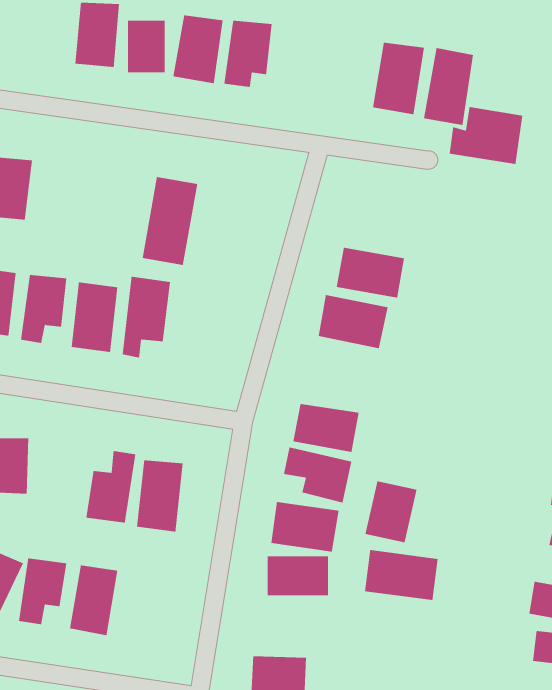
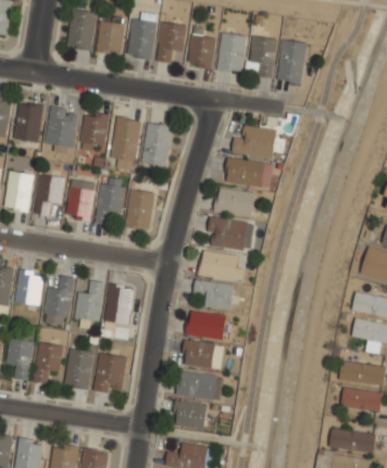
building: none -> [216,33,246,74]
building: none -> [186,34,216,69]
building: [449,107,523,165] -> [232,126,276,161]
building: none -> [46,109,77,148]
building: none -> [82,113,105,150]
building: none -> [141,122,172,167]
building: none -> [125,189,154,229]
building: none -> [207,218,250,251]
building: none -> [43,277,74,322]
building: [365,480,417,543] -> none
building: [364,550,439,600] -> [176,371,221,402]
building: none -> [96,355,124,394]

